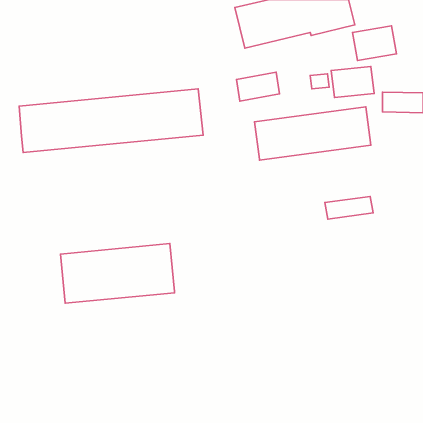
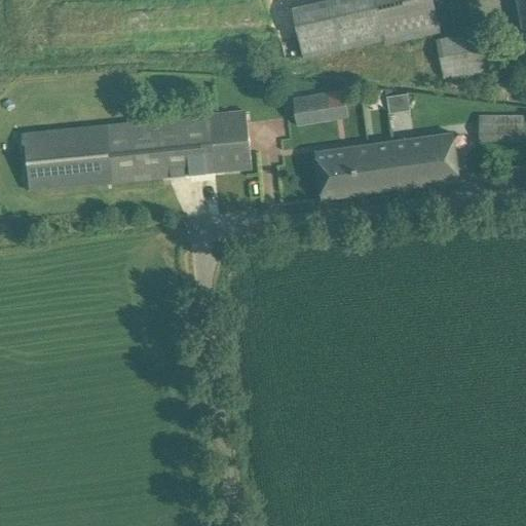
building: [331,67,374,97] -> none
building: [325,197,373,219] -> none
building: [60,243,175,303] -> none

